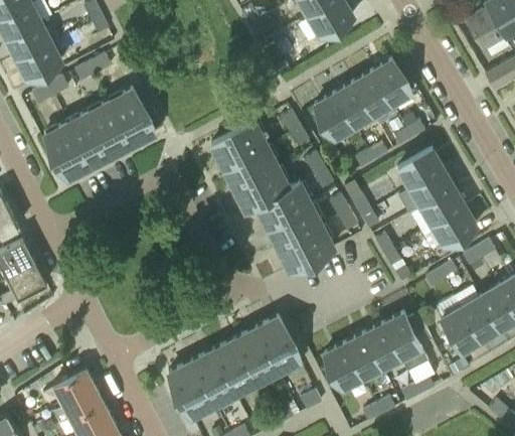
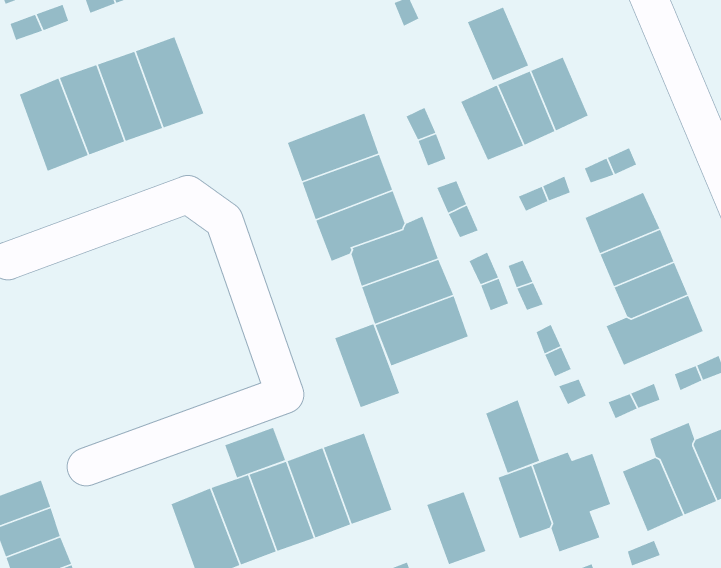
building: [371,59,412,106] -> [467,7,529,81]
building: none -> [334,323,400,408]
building: none -> [224,427,286,478]
building: [344,333,381,380] -> [485,399,540,474]

